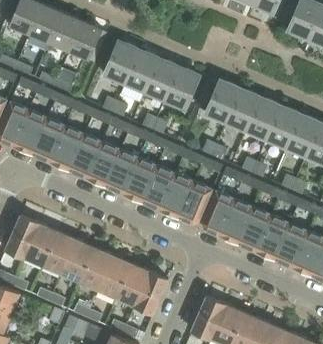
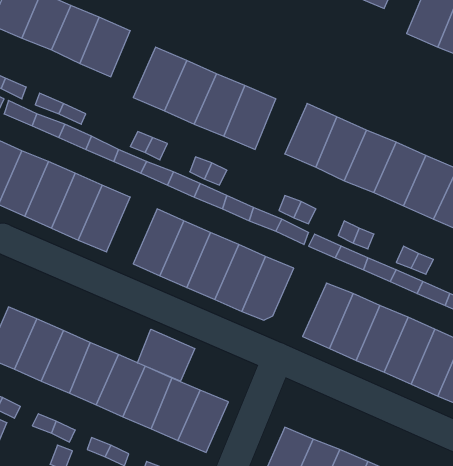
building: [86,141,120,186] -> none
building: [201,191,234,235] -> none
building: none -> [137,329,195,381]

